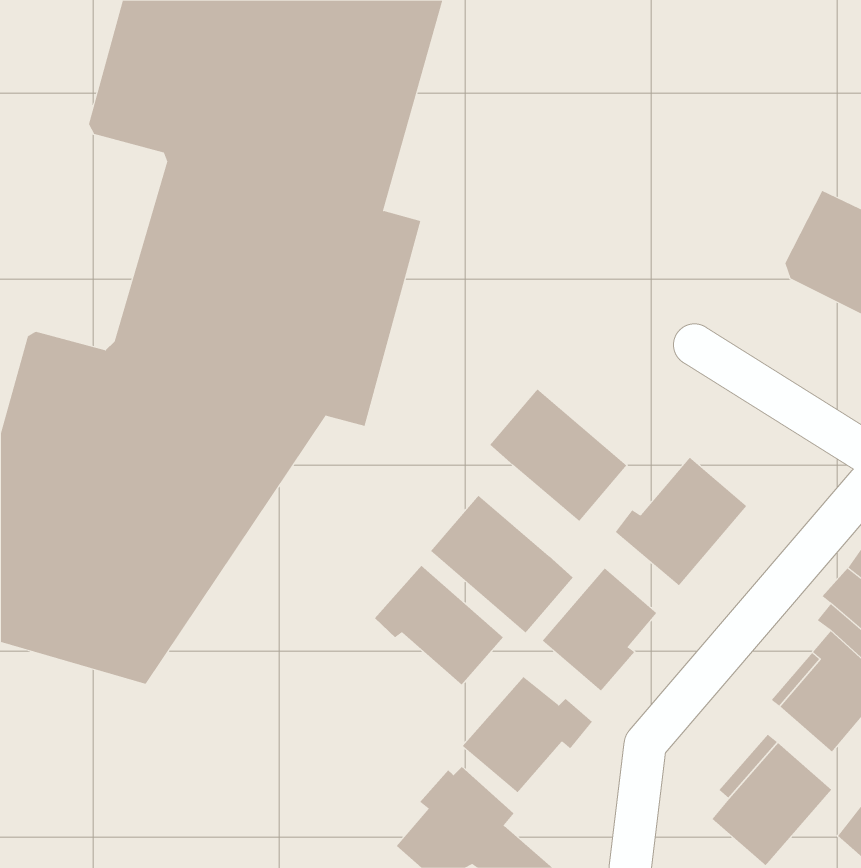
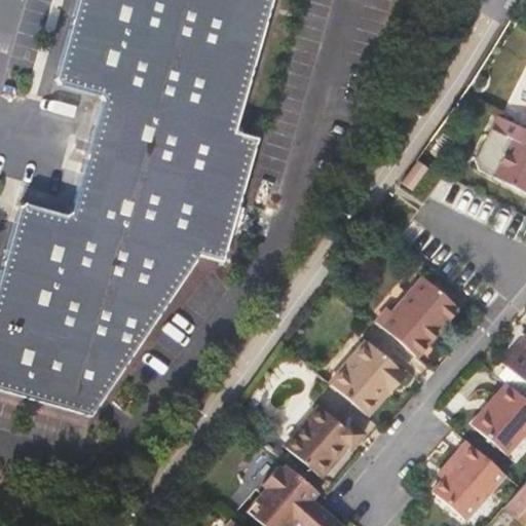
building: [490,388,627,522] -> none
building: [430,495,574,634] -> none
building: [374,565,504,685] -> none

